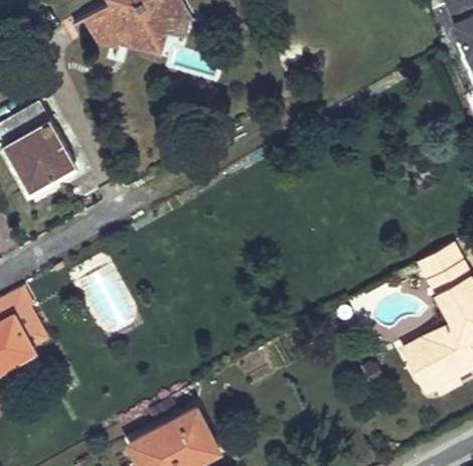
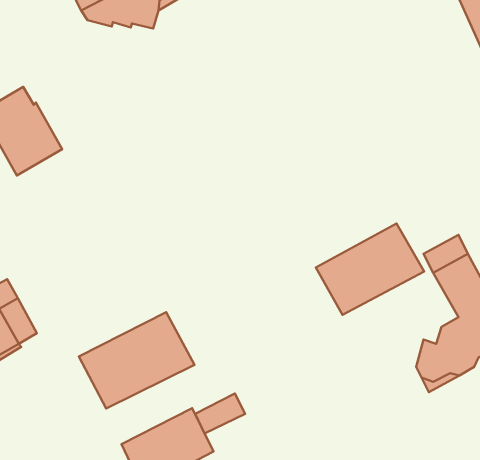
building: none -> [316,224,424,315]
building: none -> [79,312,195,408]
building: none -> [195,393,245,434]

